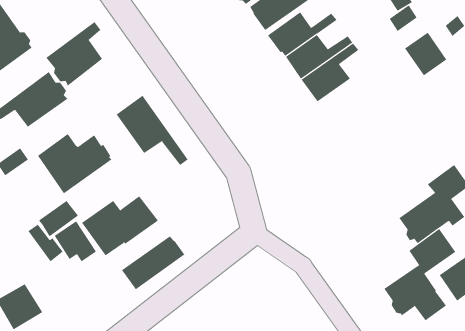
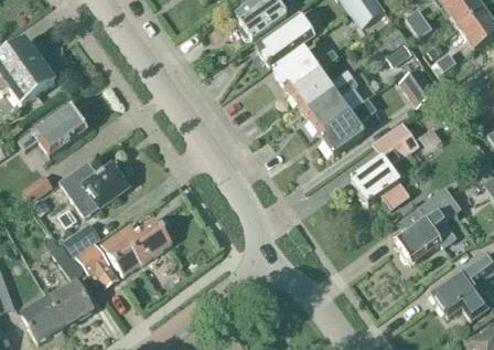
building: [45,21,103,86] -> none
building: none -> [319,97,376,155]
building: [116,95,188,166] -> none
building: [384,228,456,321] -> [352,121,419,208]
building: [121,235,185,290] -> none
building: none -> [49,283,94,326]

